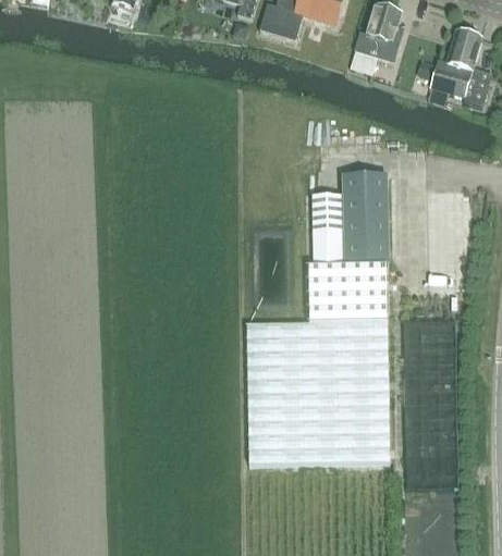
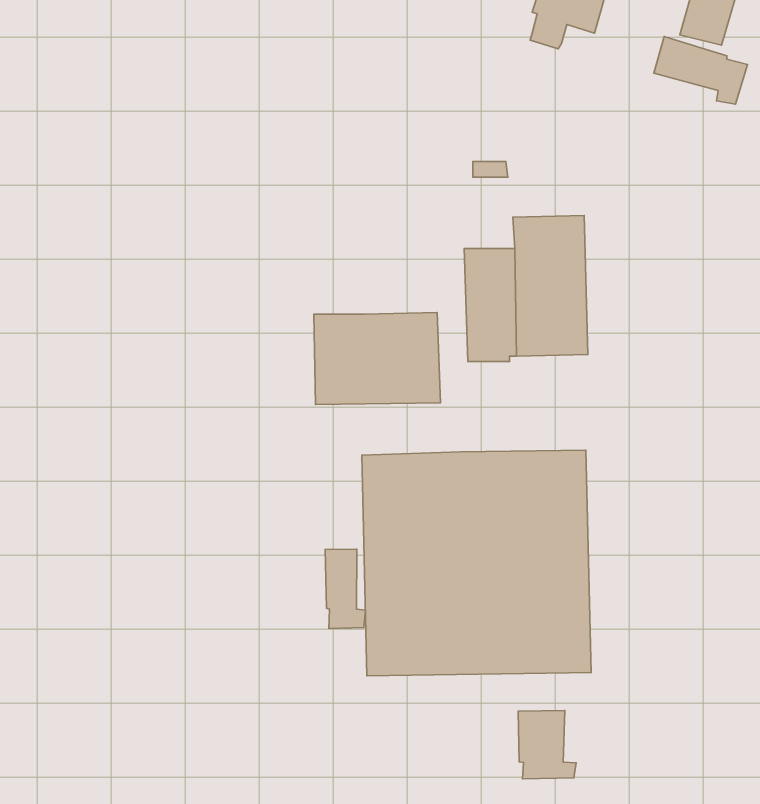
building: [308,265,388,323] -> [314,312,441,404]
building: none -> [325,549,365,628]
building: none -> [518,711,576,779]

